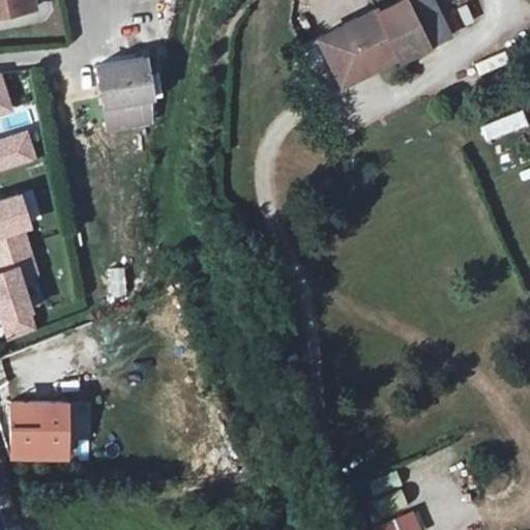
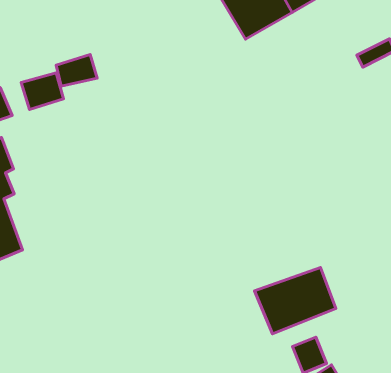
building: [96,62,147,105] -> [21,73,63,109]
building: none -> [255,268,336,334]
building: [11,400,64,457] -> none

